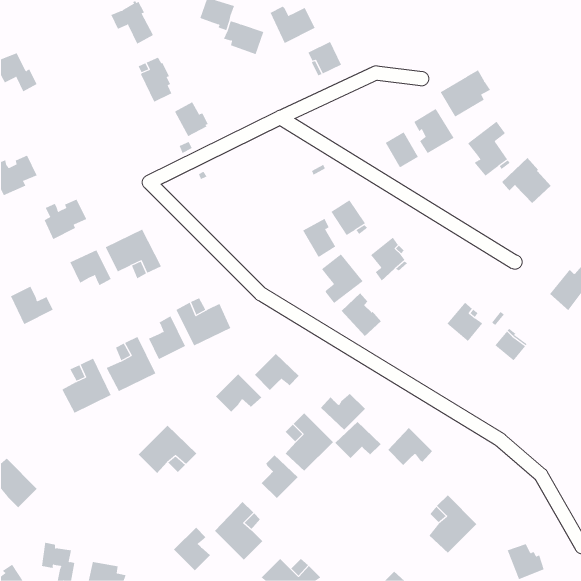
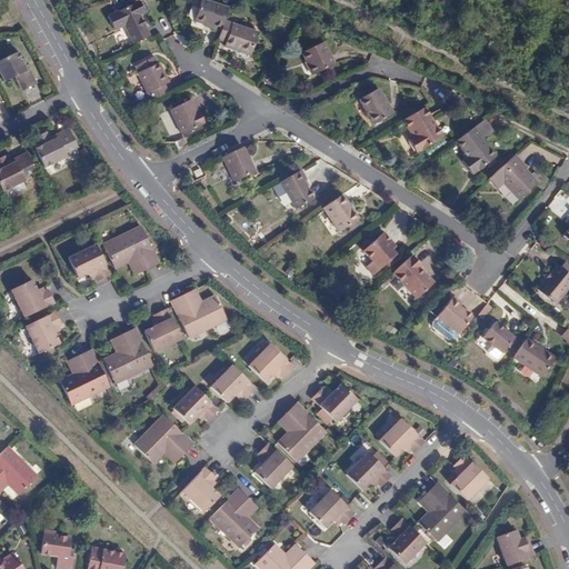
building: [270,6,316,44] -> none
building: [440,70,491,118] -> none
building: [385,132,419,168] -> [360,87,393,122]
building: none -> [222,146,256,181]
building: [44,199,87,240] -> [37,128,79,168]
building: [302,218,336,258] -> [280,169,313,208]
building: [321,253,363,304] -> none
building: [341,293,382,337] -> [393,254,433,298]
building: none -> [26,311,61,352]
building: none -> [513,337,556,376]
building: none -> [173,386,218,423]
building: [335,421,381,459] -> [346,451,391,488]
building: none -> [450,455,488,499]
building: none -> [309,489,353,527]
building: [173,527,211,571] -> [182,468,219,511]
building: none -> [389,518,426,562]

